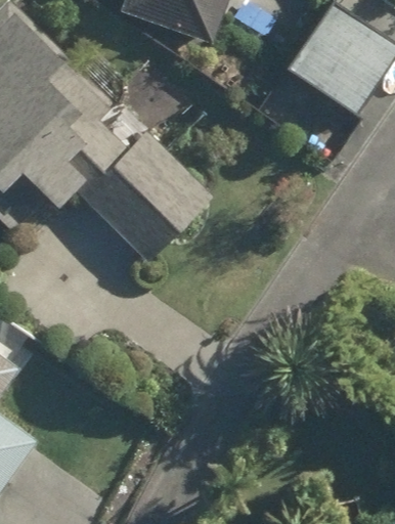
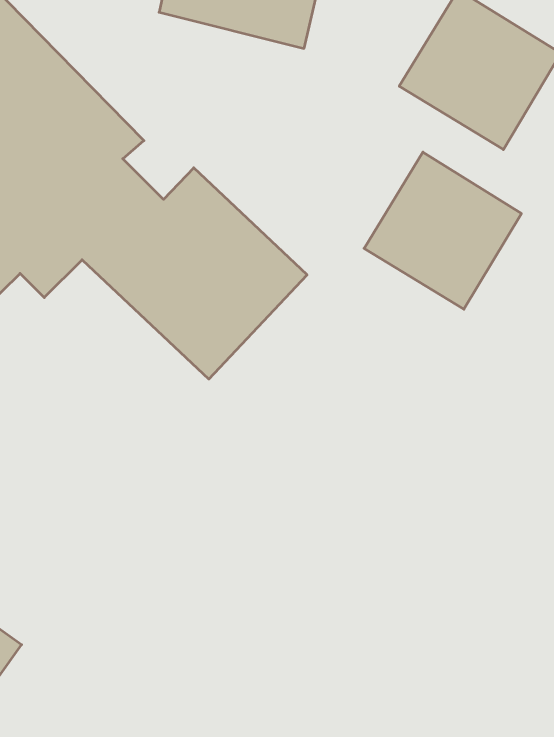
building: none -> [364,152,521,309]

